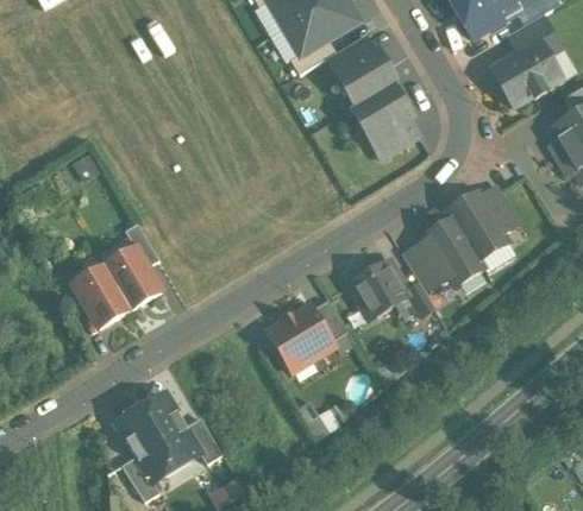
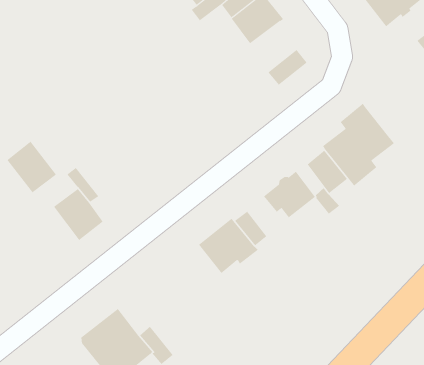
building: [351,84,413,141] -> none
building: [479,184,519,232] -> none
building: [74,266,130,327] -> [7,141,57,193]

